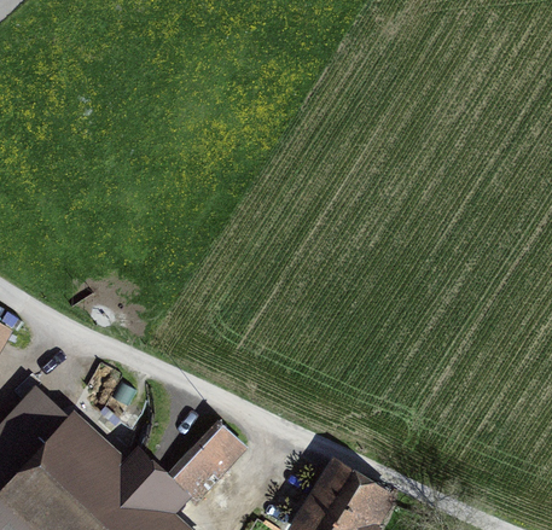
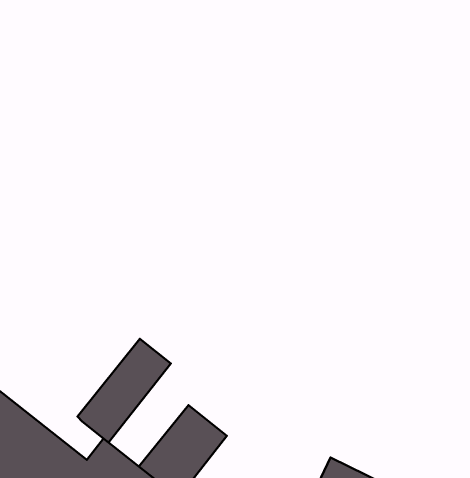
building: none -> [78,339,171,443]

